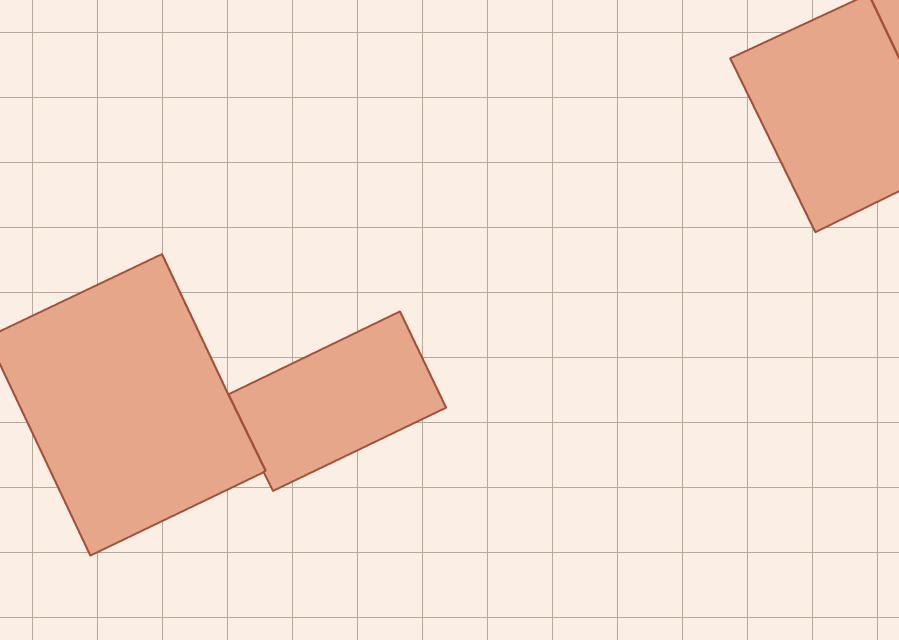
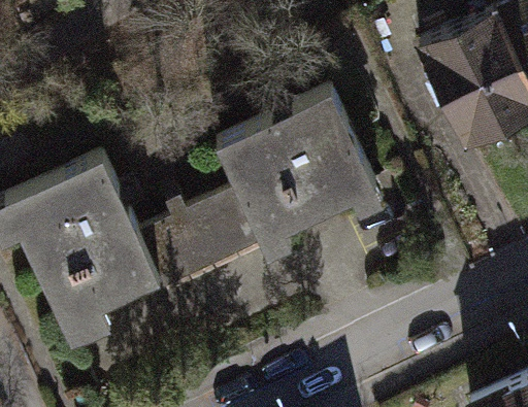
building: none -> [217,95,377,245]

